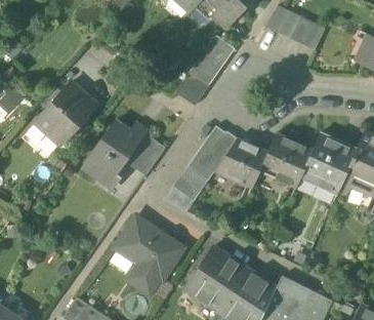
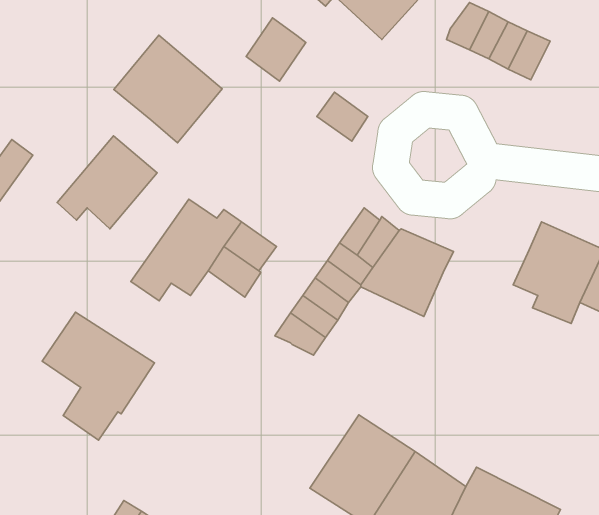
building: none -> [114,35,222,143]
building: [199,35,234,72] -> [246,18,306,81]
building: [174,72,209,106] -> none
building: [262,132,313,188] -> none
building: [116,217,181,292] -> [42,312,155,440]

